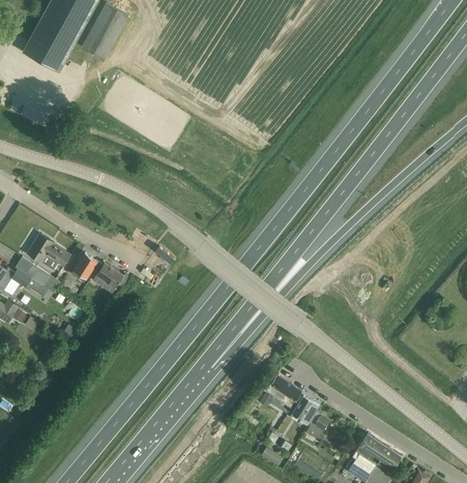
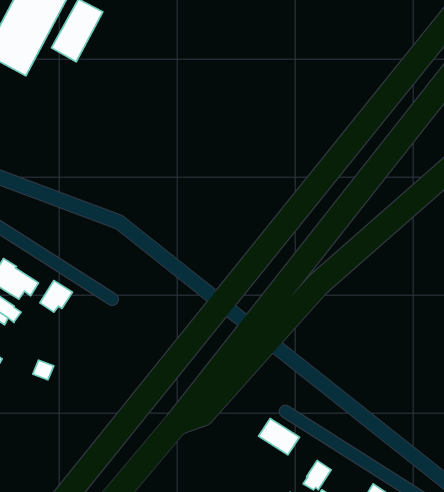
building: [91,262,123,292] -> none
building: [292,394,319,424] -> none

